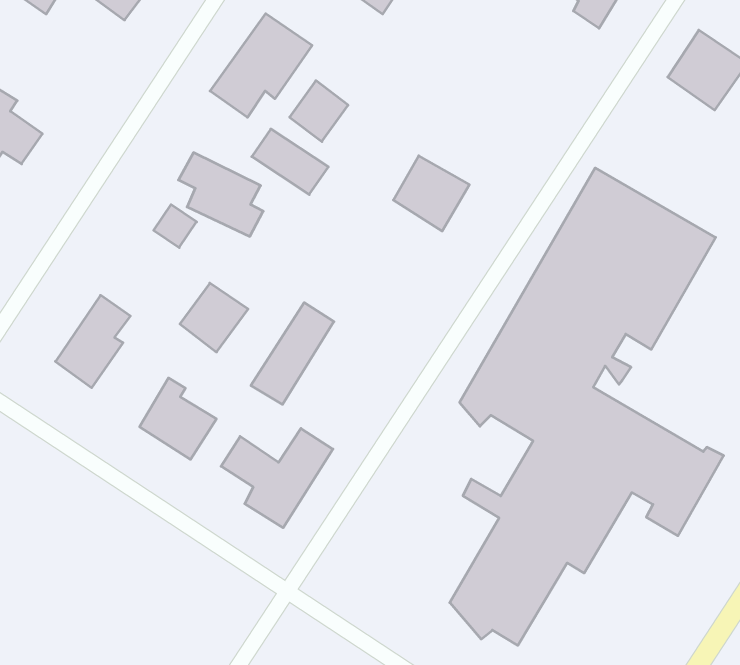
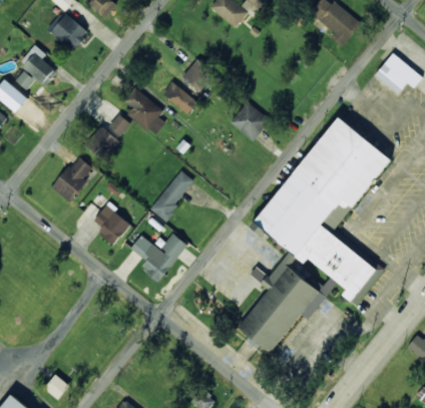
building: [210,14,312,117] -> none
building: none -> [47,11,87,49]
building: [180,283,248,352] -> [84,125,119,160]

